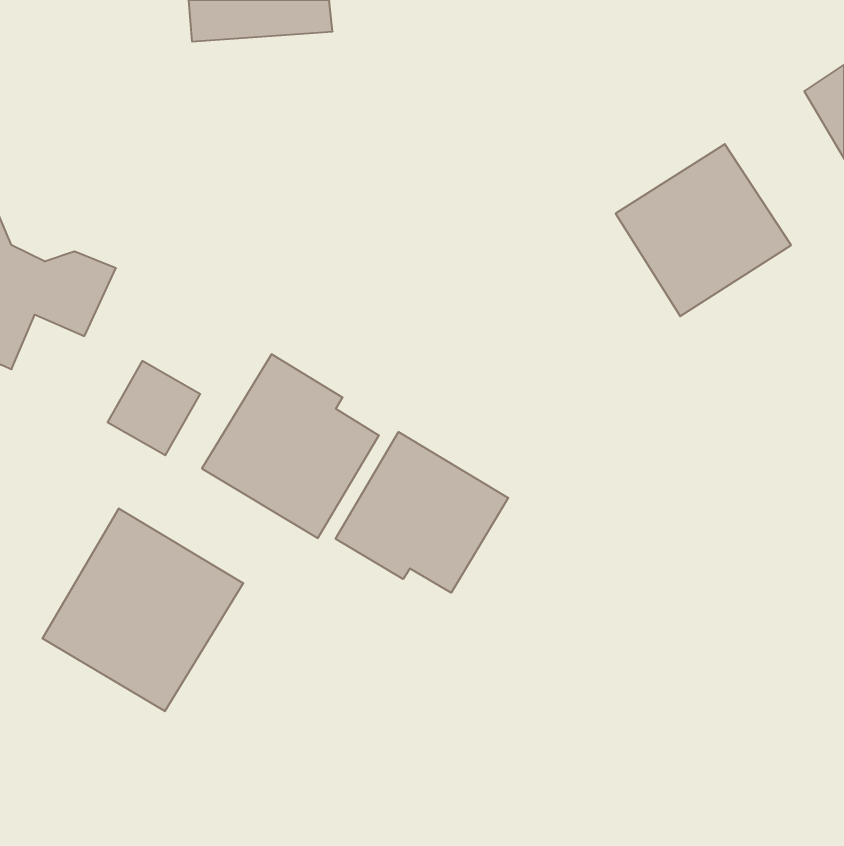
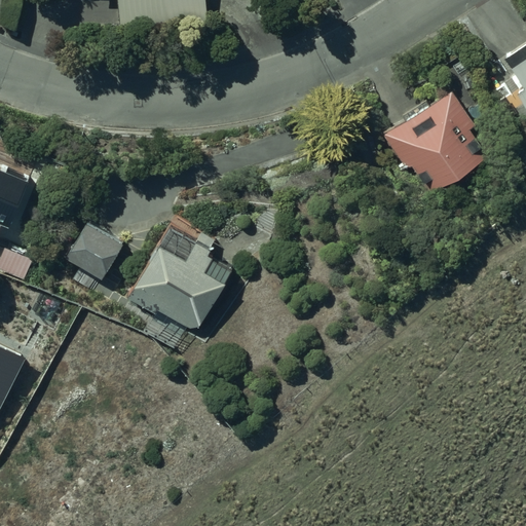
building: [336,432,508,593] -> none
building: [42,508,243,711] -> none

